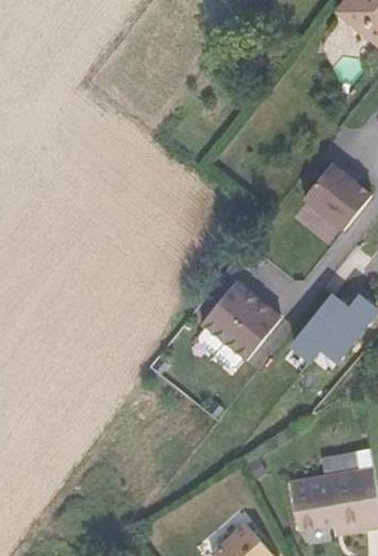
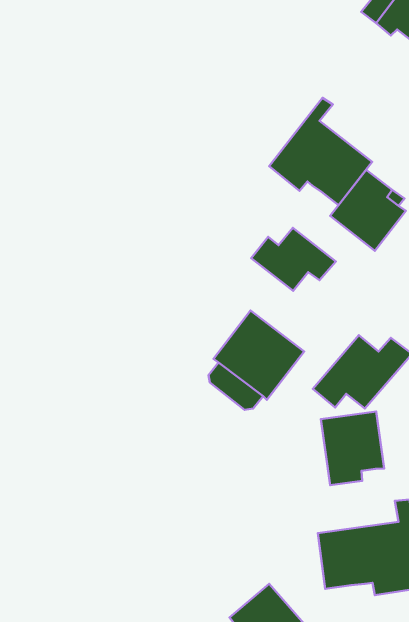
building: none -> [269,98,372,205]
building: none -> [251,228,336,291]
building: none -> [321,411,384,485]

